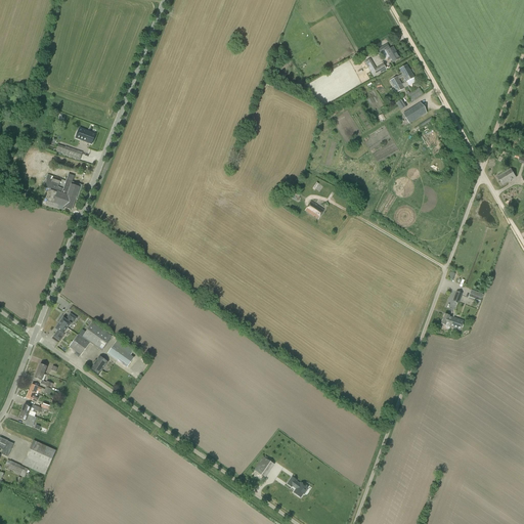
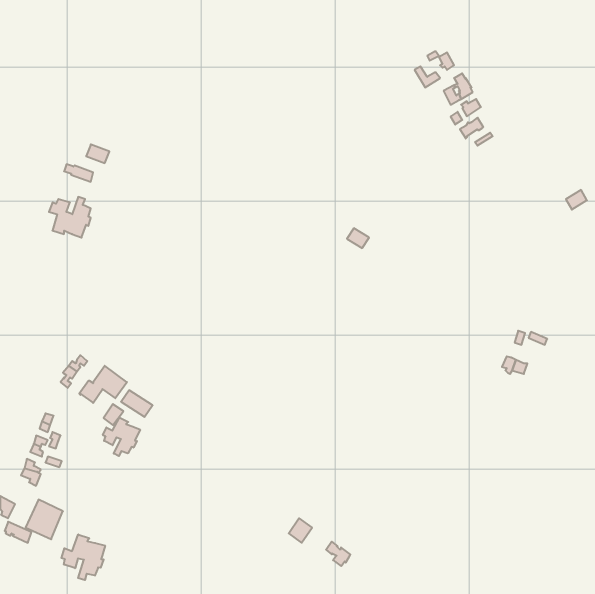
building: none -> [103,418,140,456]
building: none -> [61,534,105,580]

